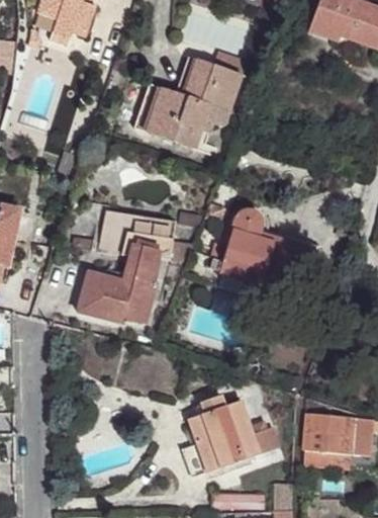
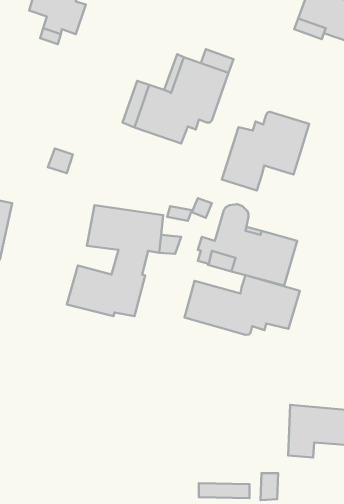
building: none -> [222,112,309,190]
building: none -> [184,275,300,335]
building: [188,395,279,471] -> none

